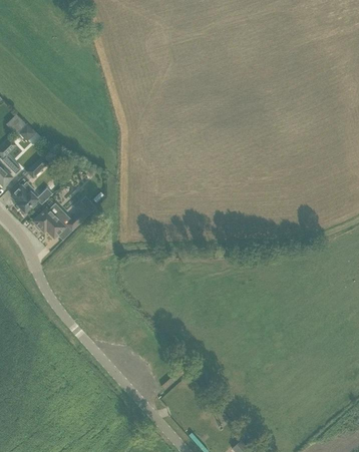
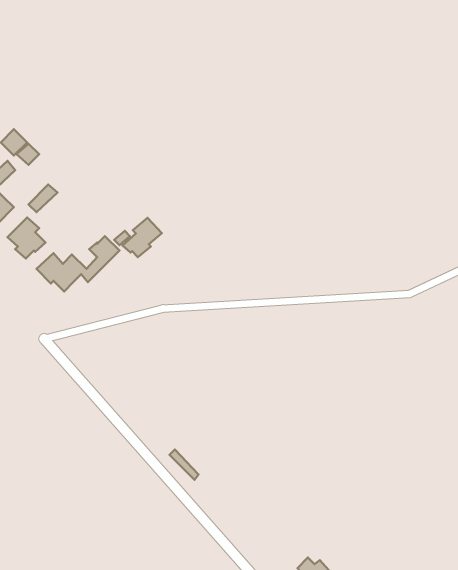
building: none -> [122,218,162,257]

